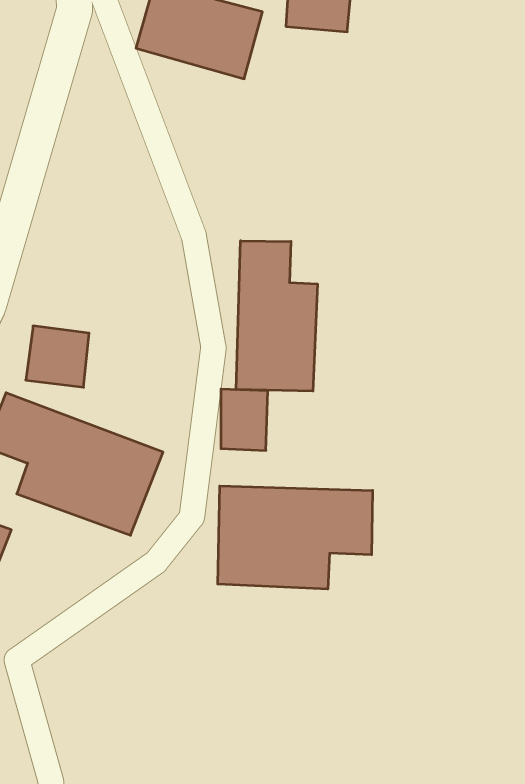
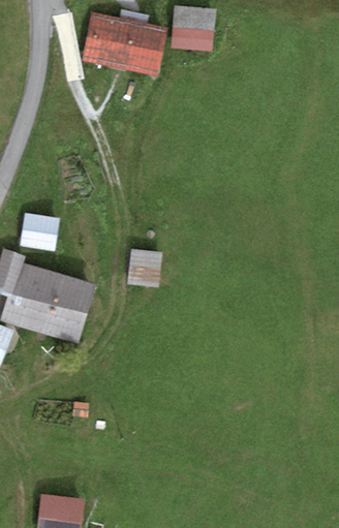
building: [236,241,317,391] -> none
building: [218,486,373,589] -> none

